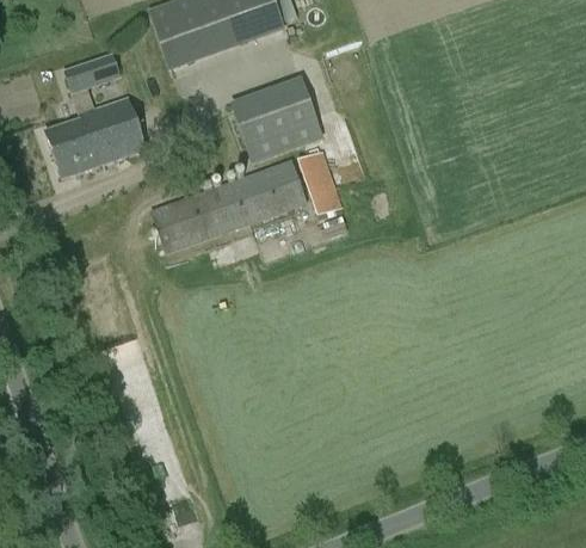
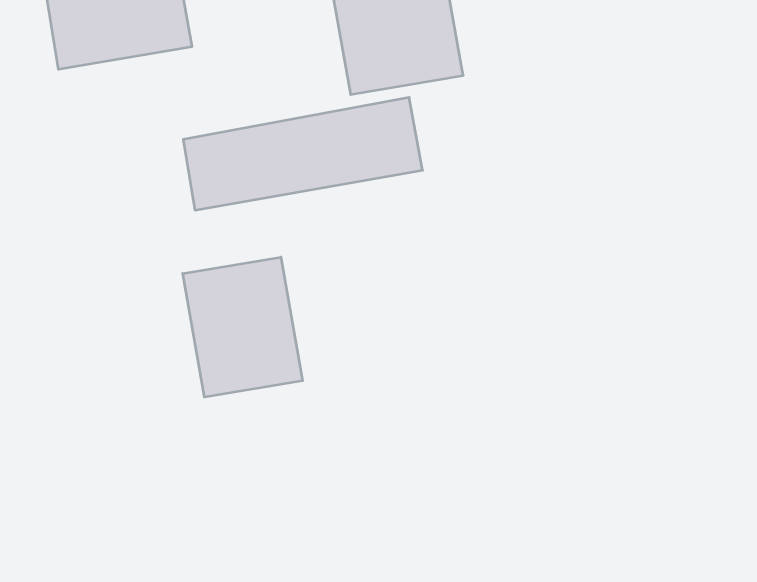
building: [298,149,343,215] -> none
building: none -> [183,257,303,397]

